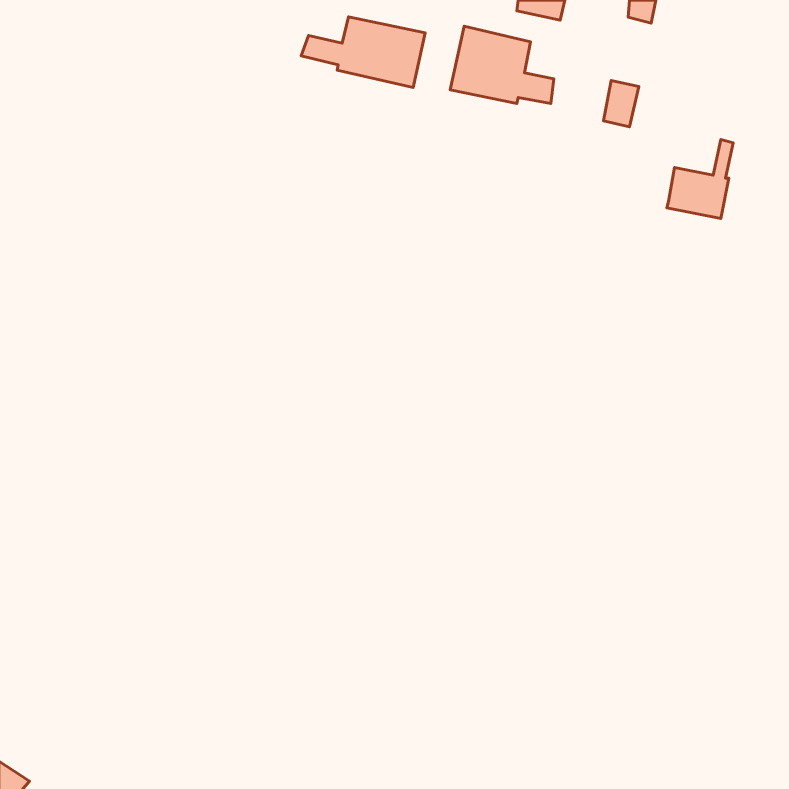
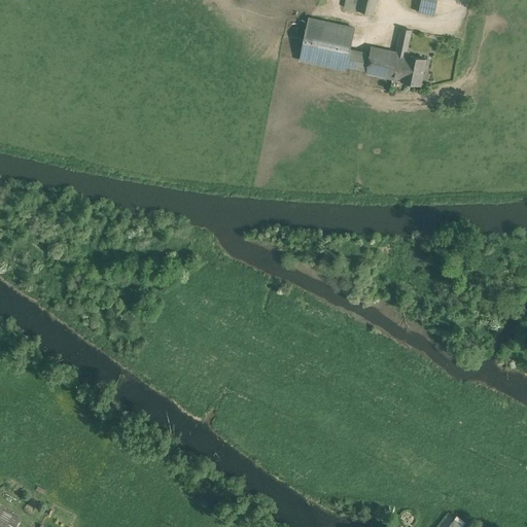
building: [301,17,425,87] -> none
building: [667,140,733,219] -> [365,29,410,81]

